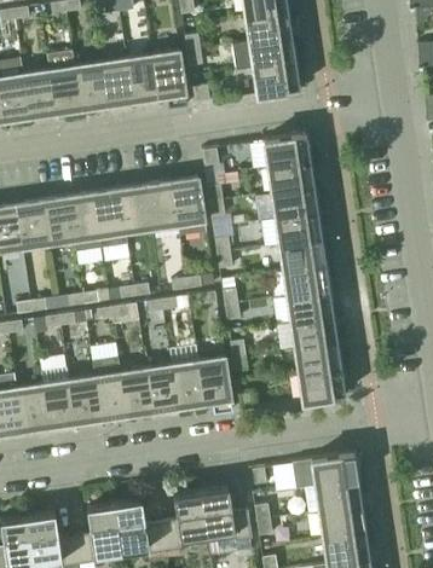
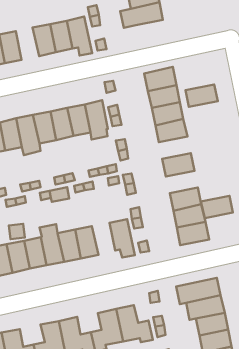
building: [75,63,108,110] -> none
building: [253,63,300,95] -> none
building: [279,239,327,271] -> [186,84,218,107]
building: [287,291,334,323] -> [201,196,233,218]
building: [172,361,204,408] -> none

